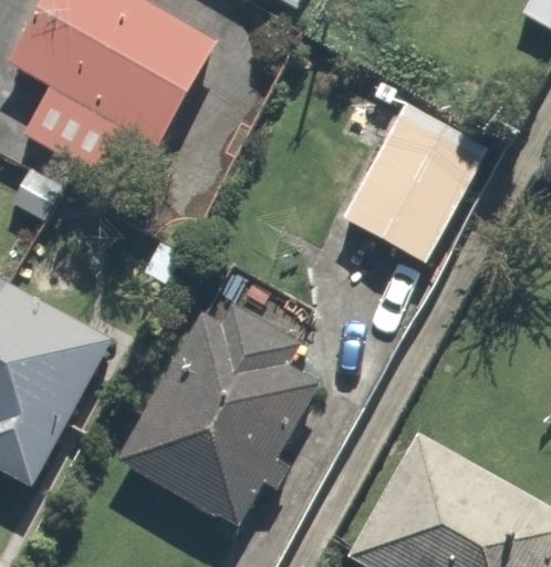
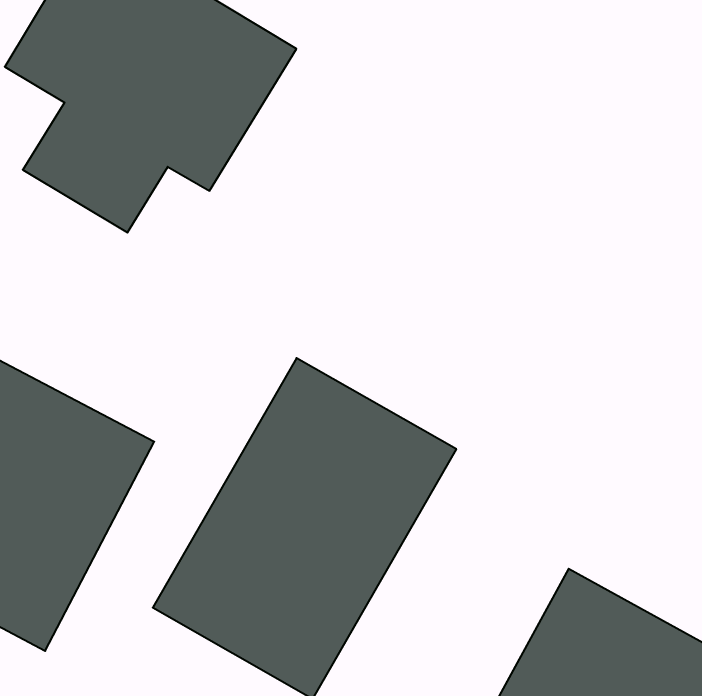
building: [339,102,491,268] -> none

